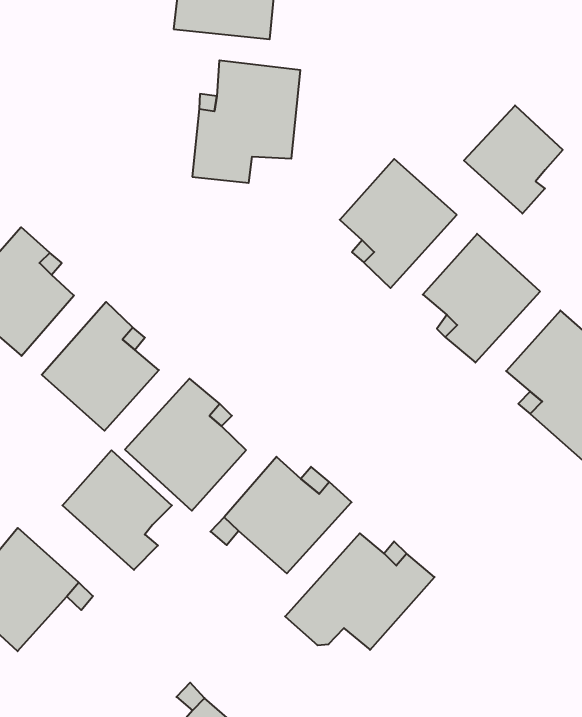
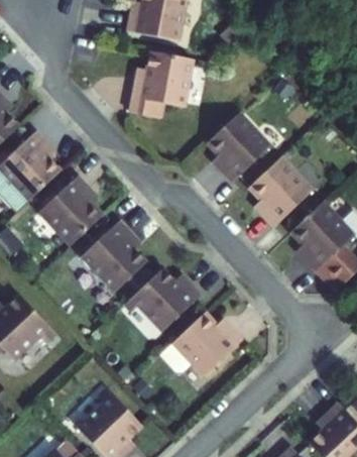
building: [464,105,563,214] -> none
building: [62,450,172,570] -> none

